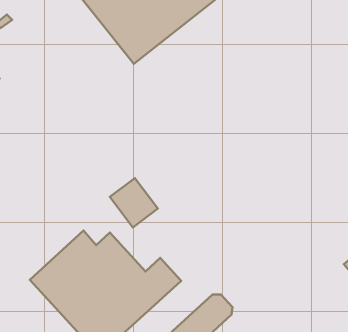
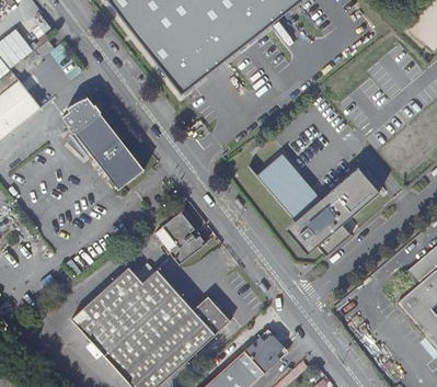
building: none -> [64,96,143,189]
building: none -> [251,158,375,260]

